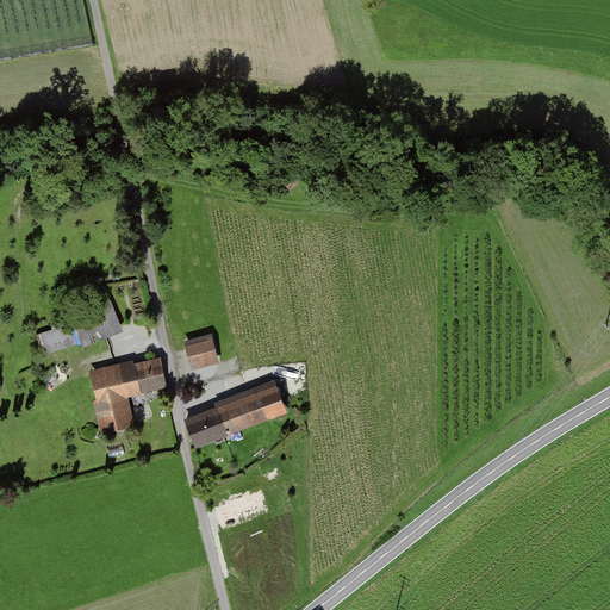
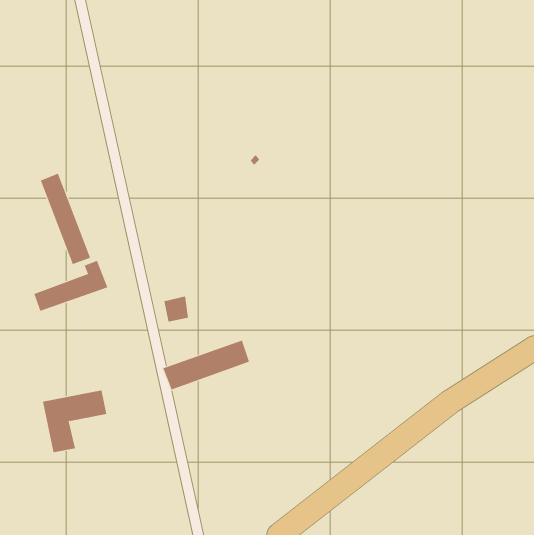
building: none -> [40,173,91,265]
building: [91,359,164,430] -> [42,390,107,453]

